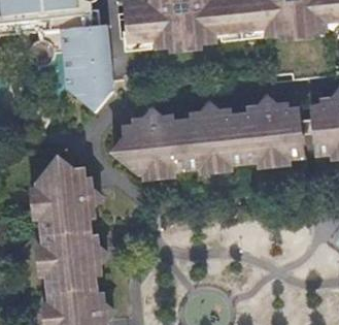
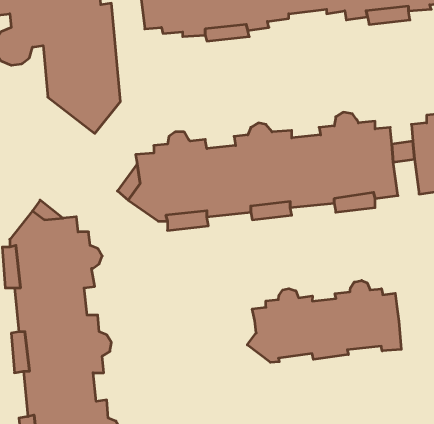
building: none -> [247,280,401,362]

